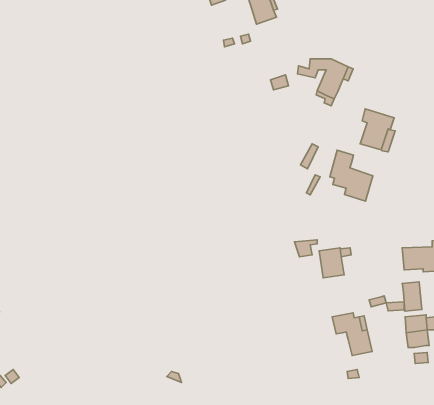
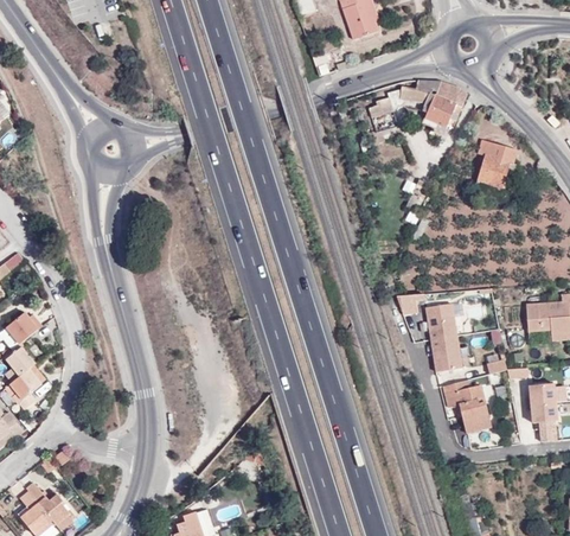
building: [330,150,373,201] -> none
building: none -> [431,336,462,372]
building: [402,282,422,311] -> none

